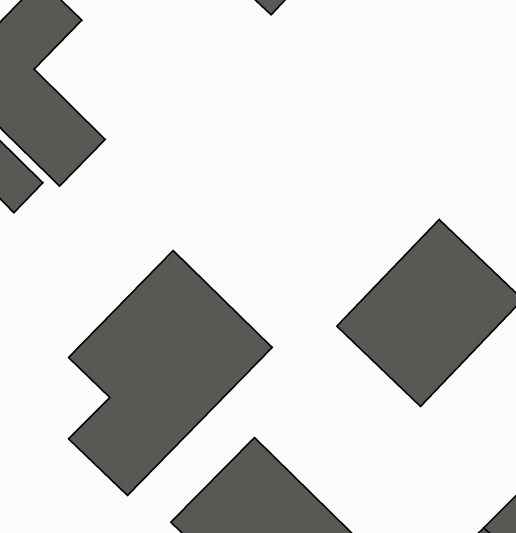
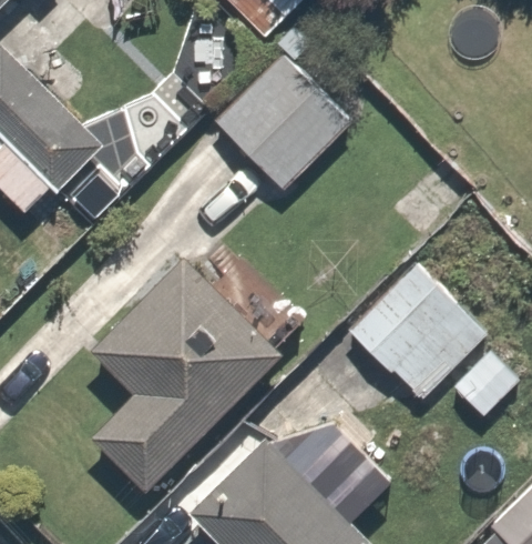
building: none -> [216,61,355,199]

